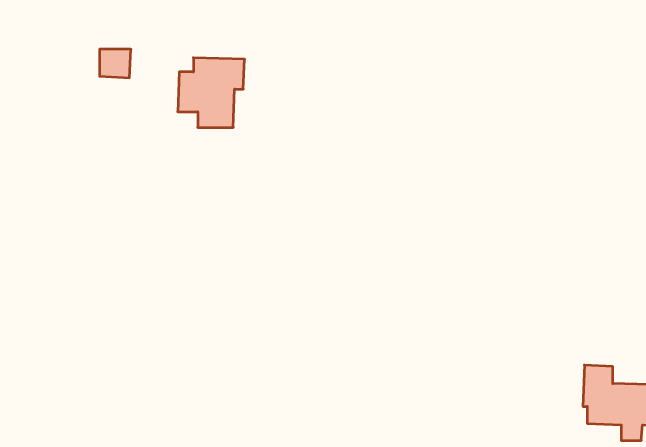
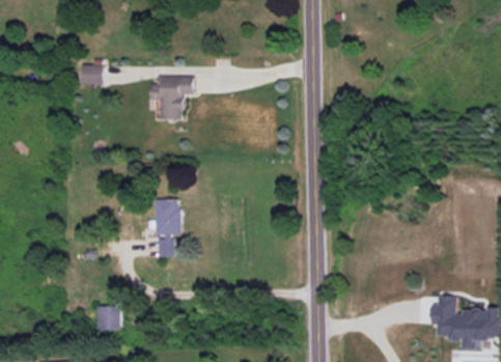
building: none -> [156,199,180,257]
building: none -> [96,306,120,331]

